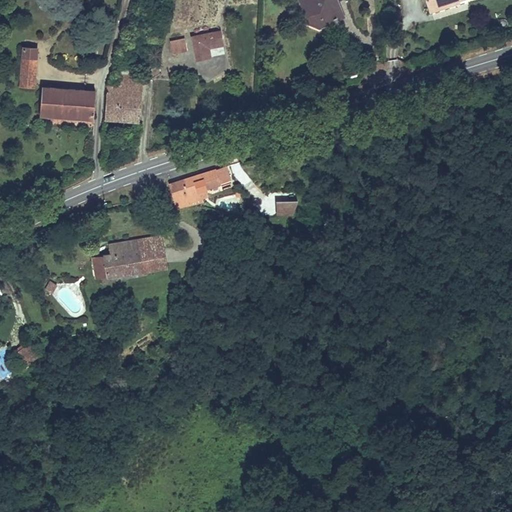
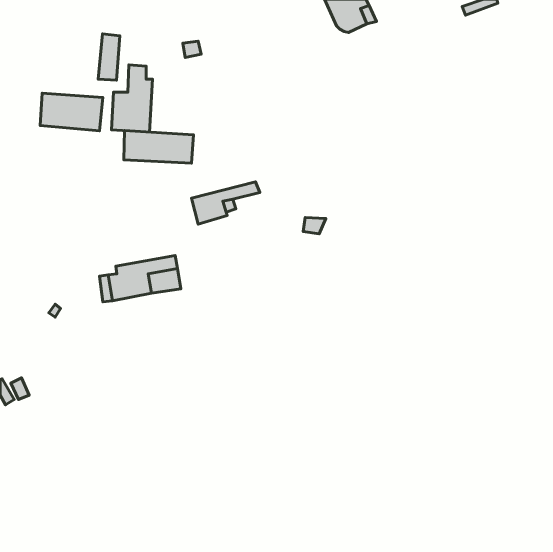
building: [189,29,223,60] -> none
building: [17,45,37,88] -> [98,34,120,80]
building: none -> [124,131,194,163]

